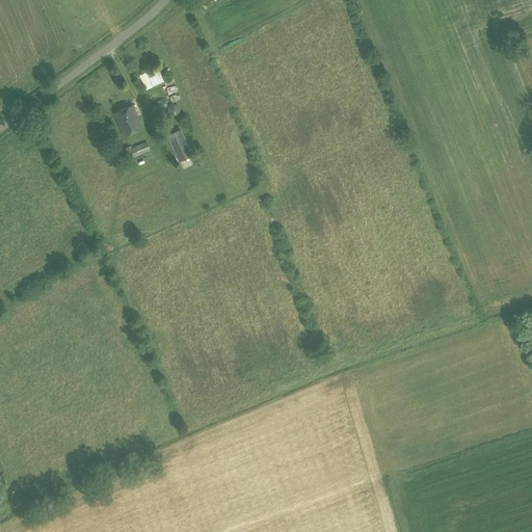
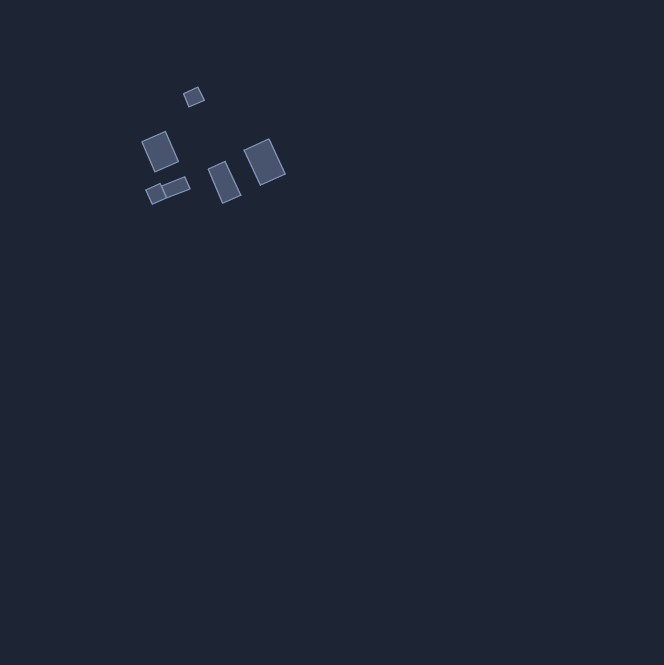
building: none -> [244,139,285,185]

